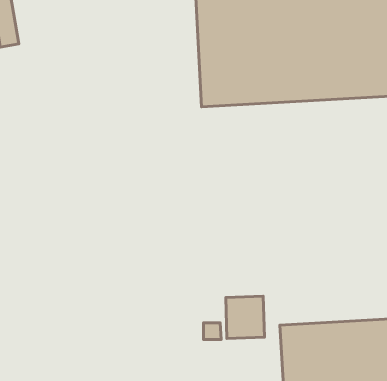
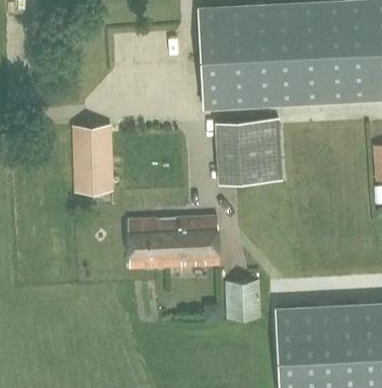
building: none -> [216,120,281,185]
building: none -> [72,127,110,193]
building: none -> [127,217,219,269]

